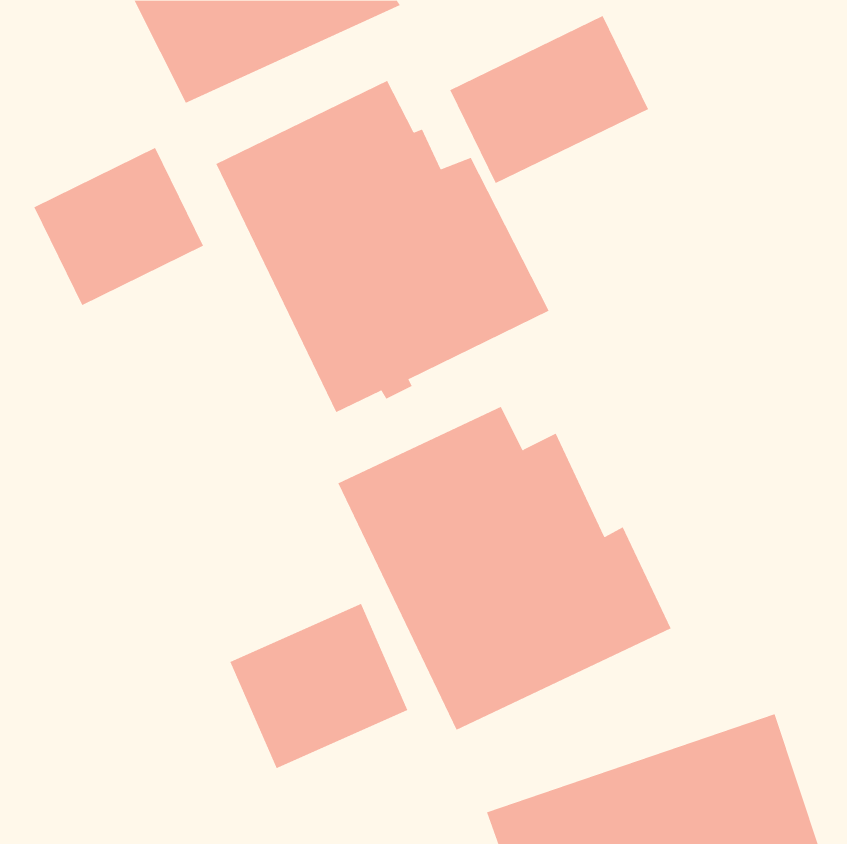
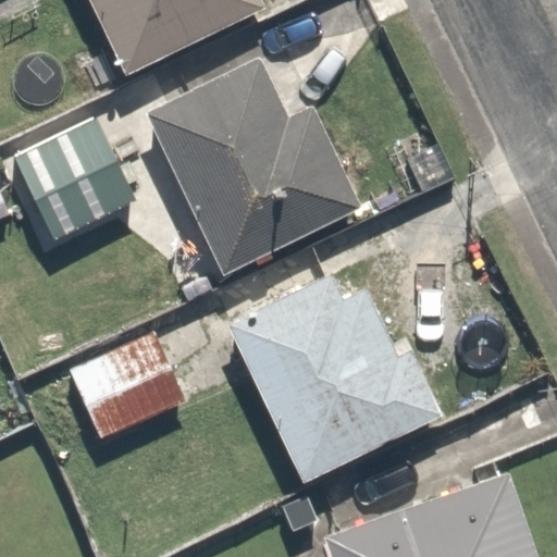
building: [450,15,649,184] -> none
building: [230,603,408,769] -> [70,334,186,442]

